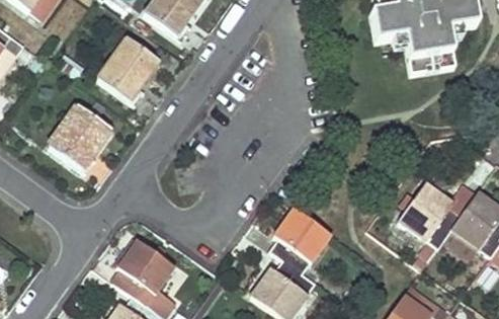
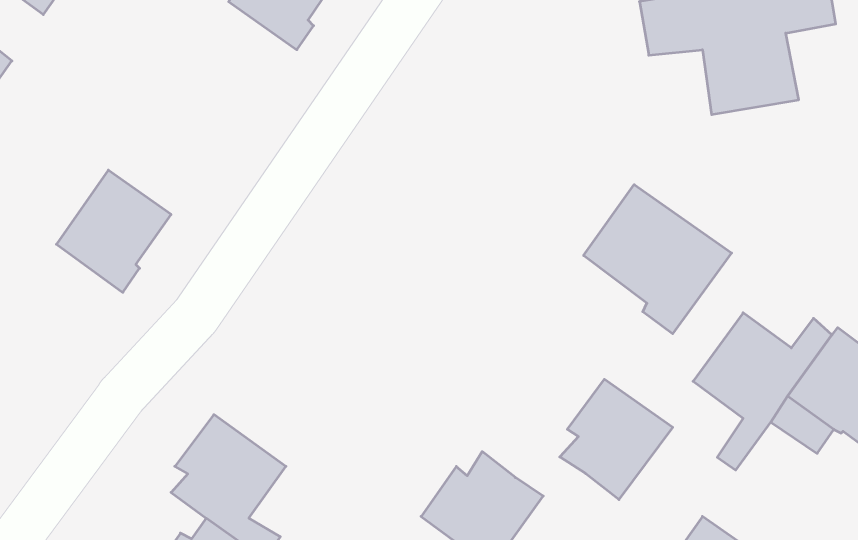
building: [98,35,161,103] -> none
building: none -> [584,185,732,334]
building: [269,206,331,271] -> [560,379,673,500]

